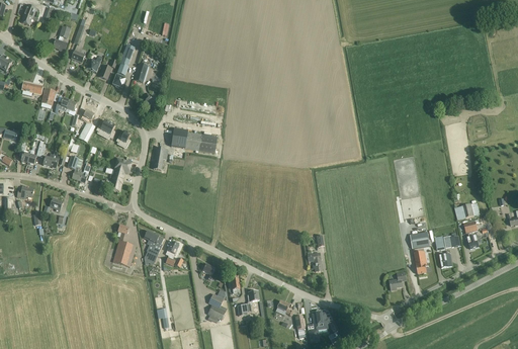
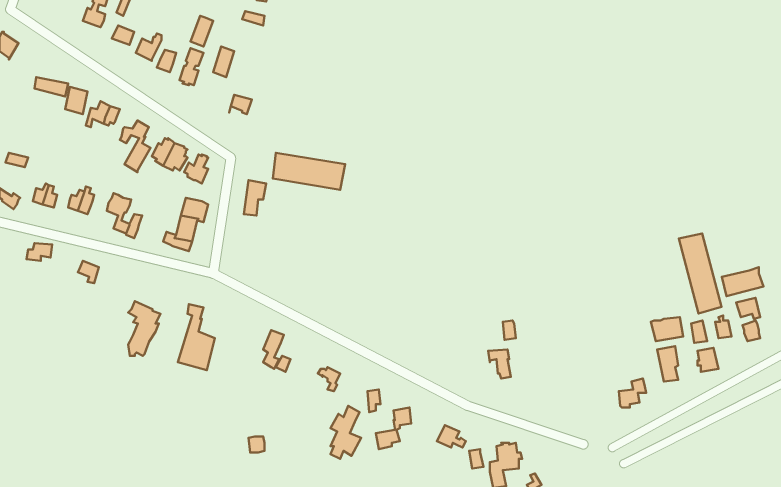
building: none -> [679,234,722,314]
building: [144,230,164,264] -> [128,301,160,356]

